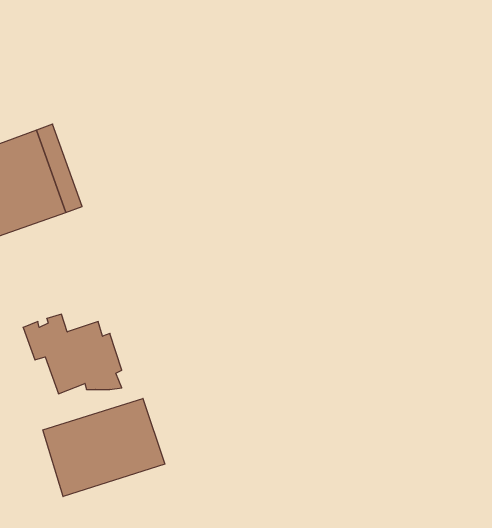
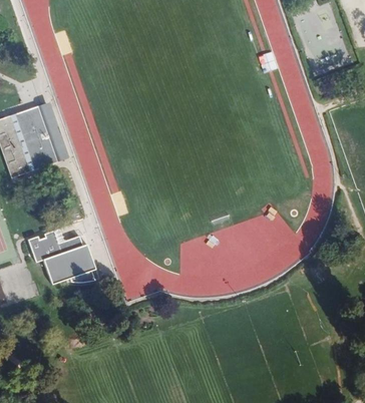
building: [43,398,165,497] -> none

